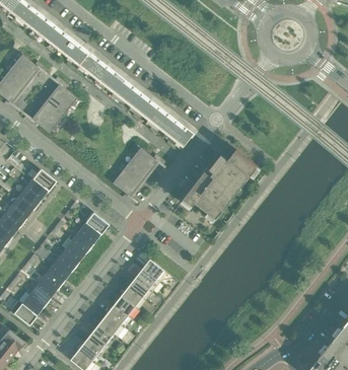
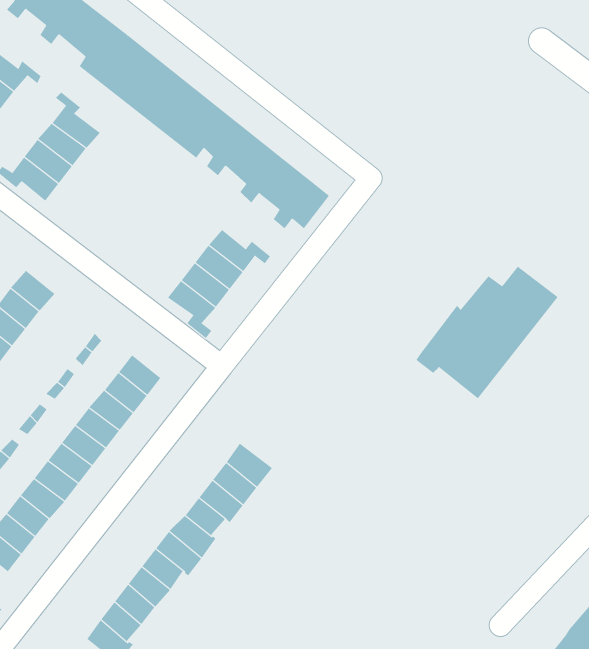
building: [183,150,257,219] -> [416,266,559,399]

